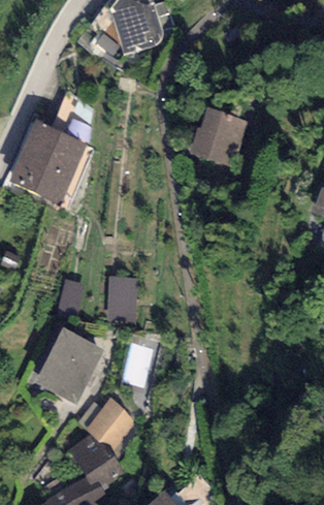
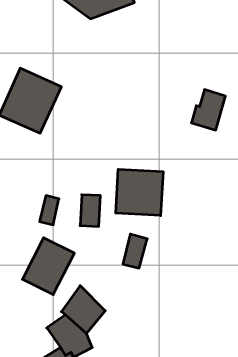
building: [191,112,234,163] -> [191,90,225,130]
building: none -> [116,169,163,216]
building: [127,343,158,386] -> [123,234,147,268]

